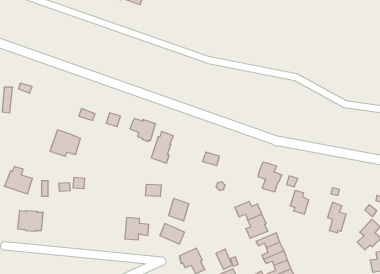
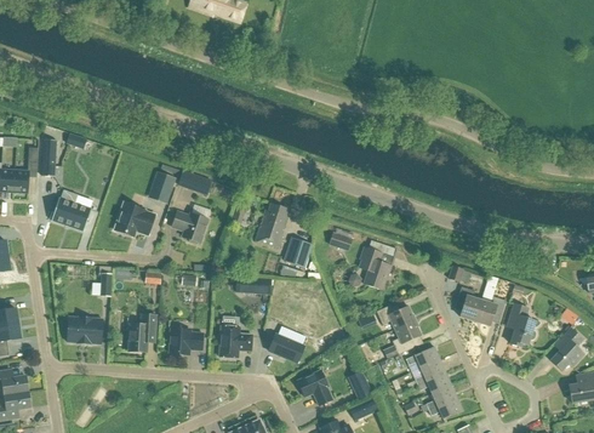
building: [130,119,156,142] -> [171,211,207,244]
building: [258,162,282,192] -> [356,246,390,289]
building: [4,167,33,194] -> [50,190,90,229]
building: none -> [474,289,506,325]
building: [169,199,189,221] -> [284,237,313,268]
building: none -> [126,312,156,353]
building: none -> [170,329,202,354]

